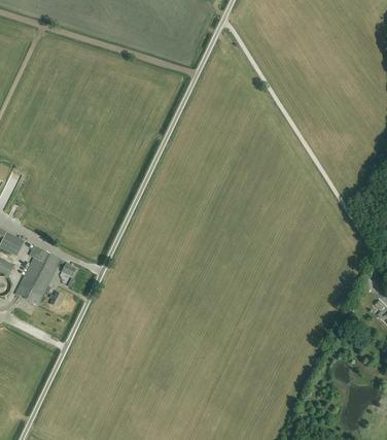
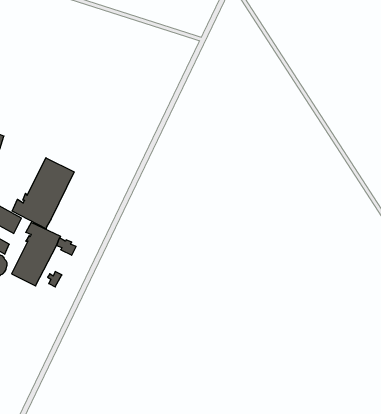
building: none -> [12,158,74,229]

